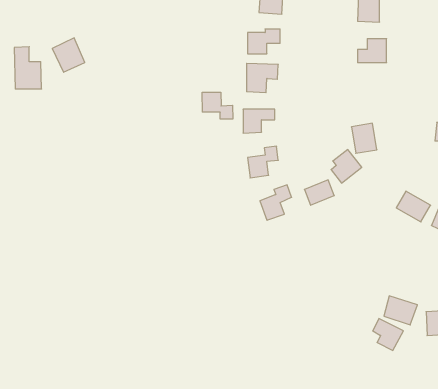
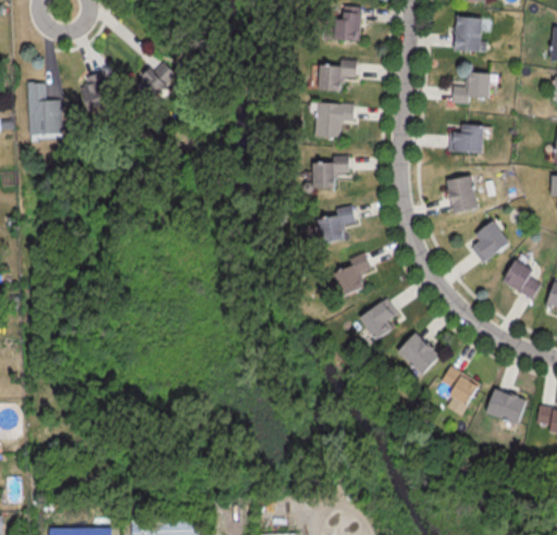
building: none -> [134,58,177,100]
building: none -> [451,124,483,153]
building: [202,92,233,119] -> none
building: [331,150,362,183] -> [471,221,509,262]
building: [304,180,334,205] -> [361,300,398,332]
building: none -> [397,333,440,375]
building: [373,319,403,350] -> [443,368,481,407]

